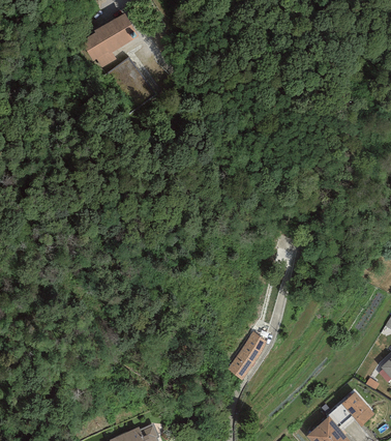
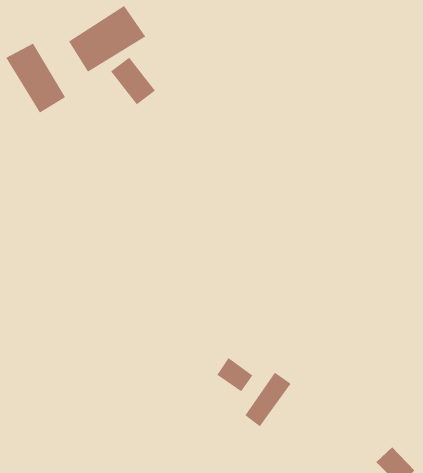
building: none -> [5,43,66,113]
building: none -> [216,357,253,392]

